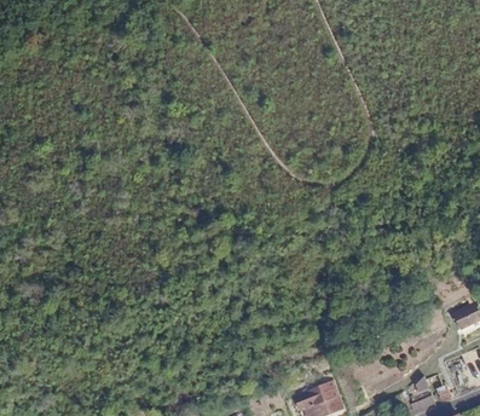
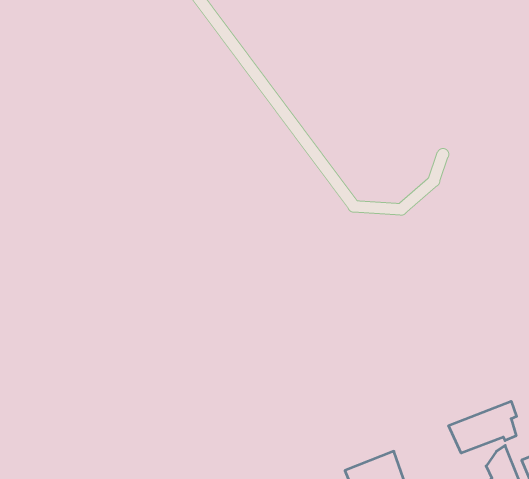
building: none -> [449,401,517,453]

